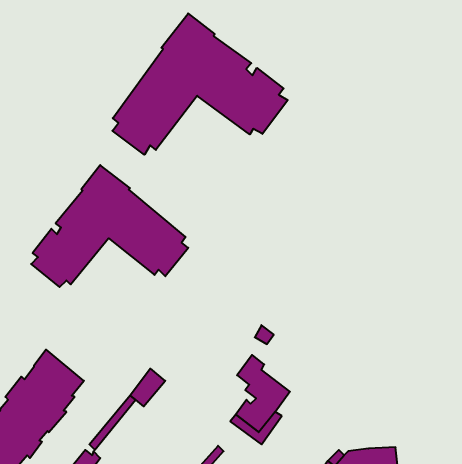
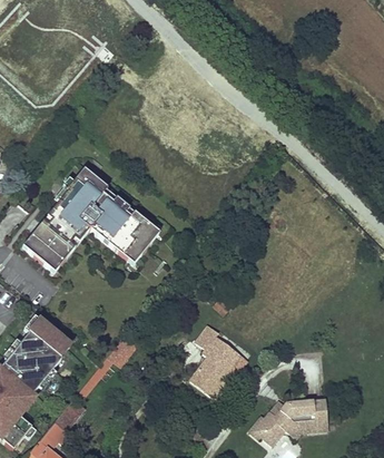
building: [112,13,288,155] -> none

